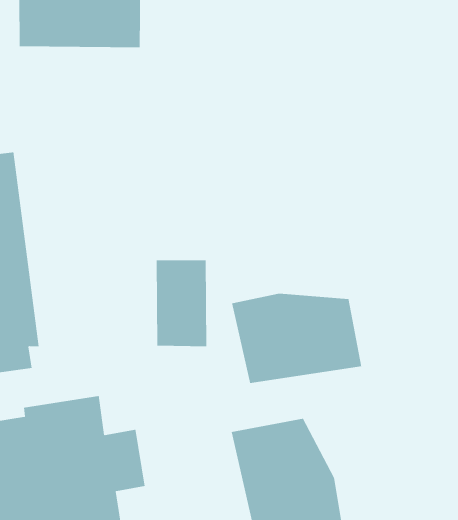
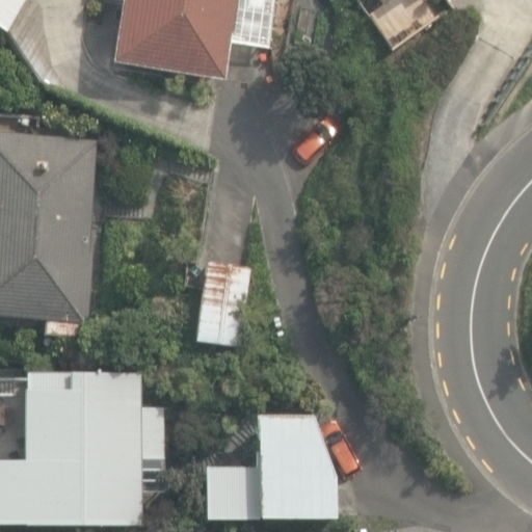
building: [231,293,362,384] -> none

